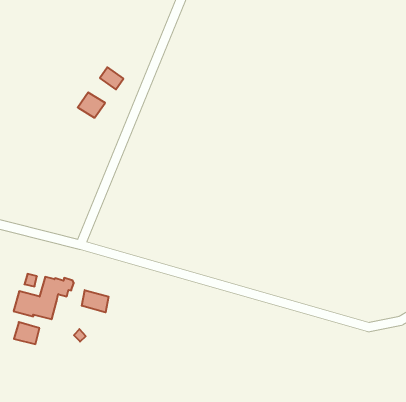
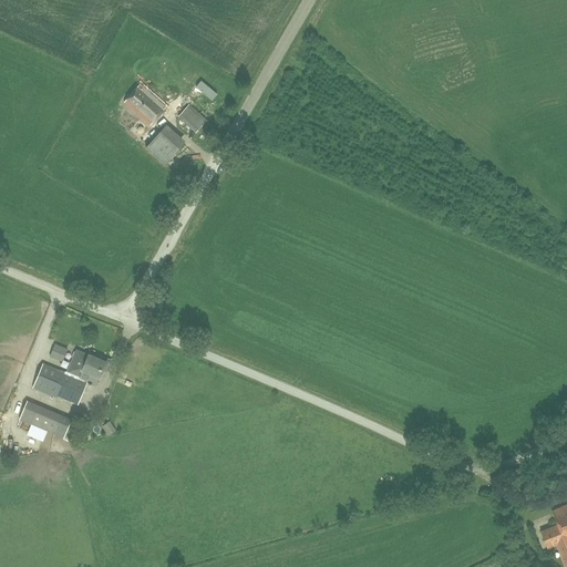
building: none -> [124,84,166,125]
building: [82,290,109,312] -> none

